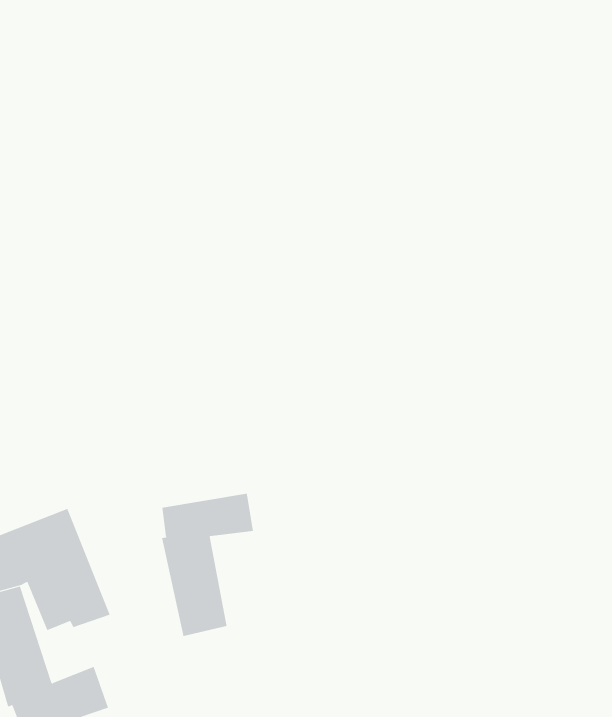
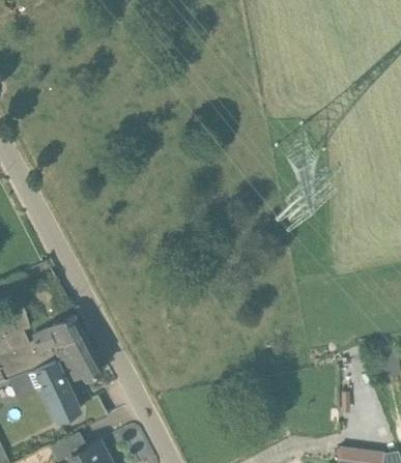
building: [161,493,253,637] -> none

